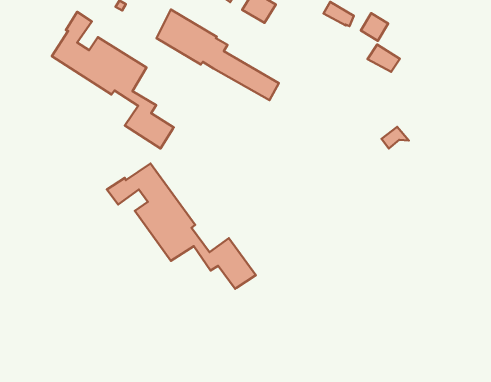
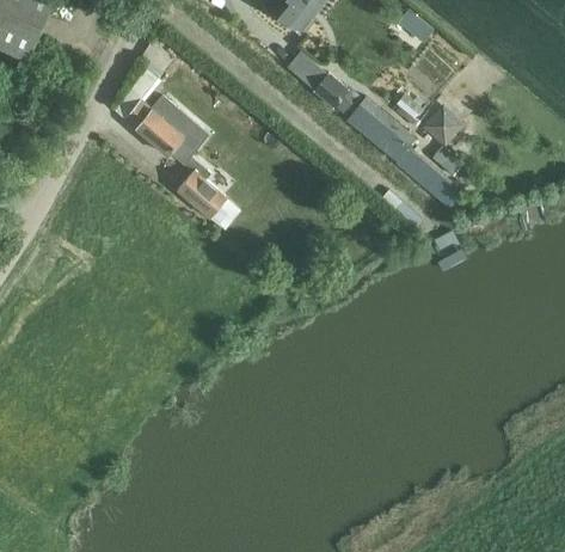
building: [156,10,279,100] -> [345,97,461,203]
building: [107,163,256,289] -> none

